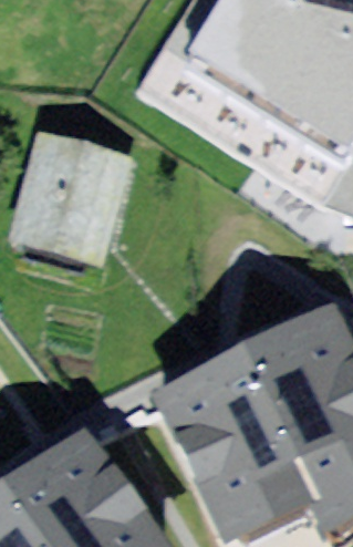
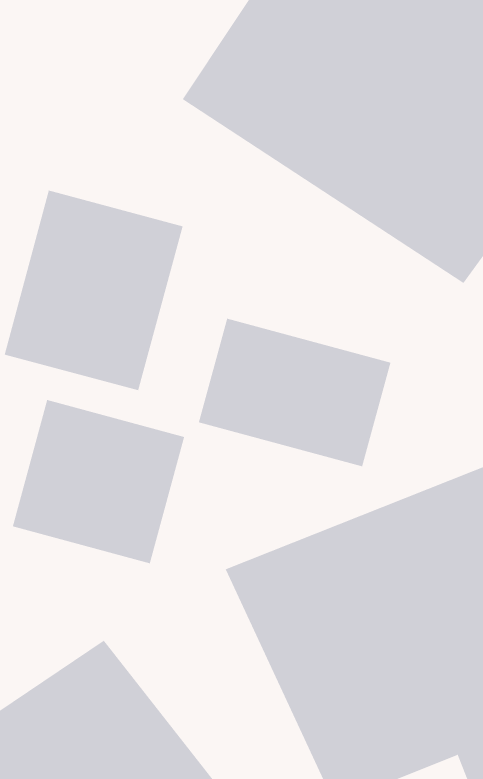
building: none -> [198,318,391,467]
building: none -> [12,399,185,564]

